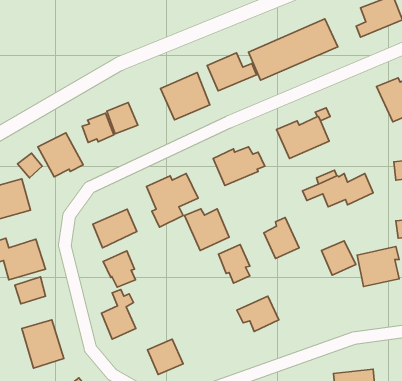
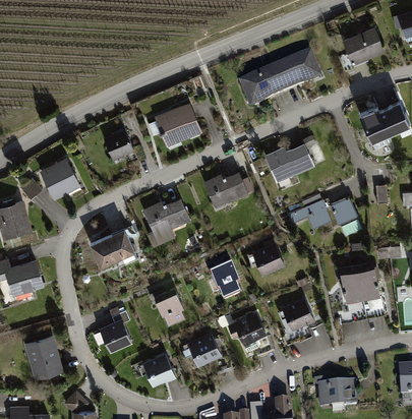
building: [207,53,257,91] -> none
building: [82,113,114,143] -> none
building: [184,209,229,250] -> none
building: [322,241,356,275] -> [282,298,314,331]
building: [103,251,135,287] -> [155,291,185,325]
building: [15,277,46,304] -> none
building: none -> [188,332,222,366]

